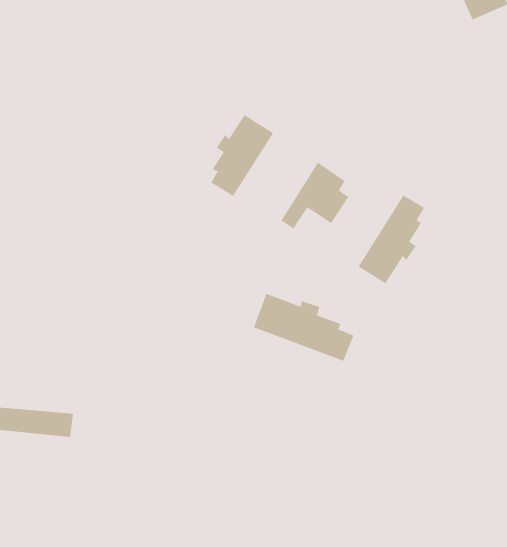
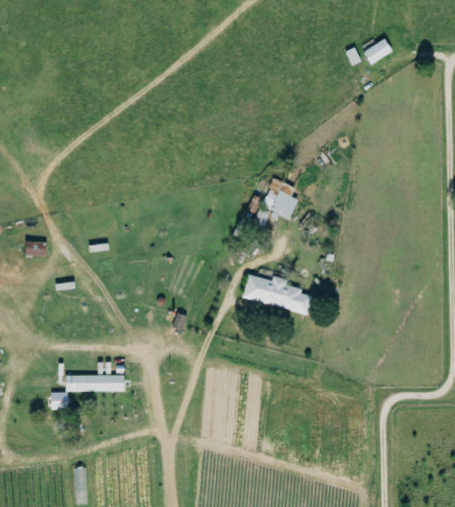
building: [210,114,274,197] -> none
building: [358,195,425,284] -> none

